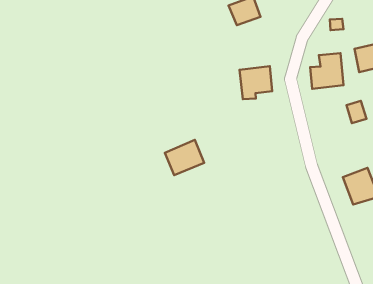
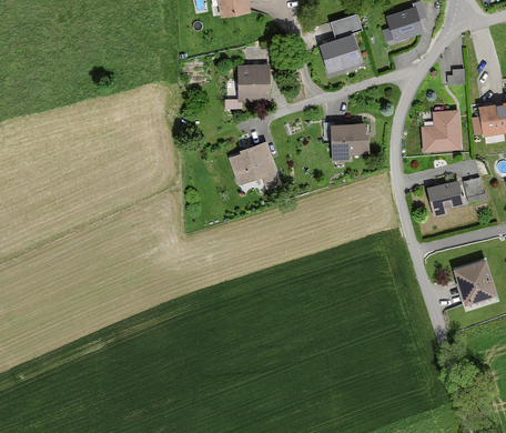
building: none -> [236,68,270,104]
building: none -> [427,181,464,214]
building: [165,140,204,175] -> [225,143,274,187]

